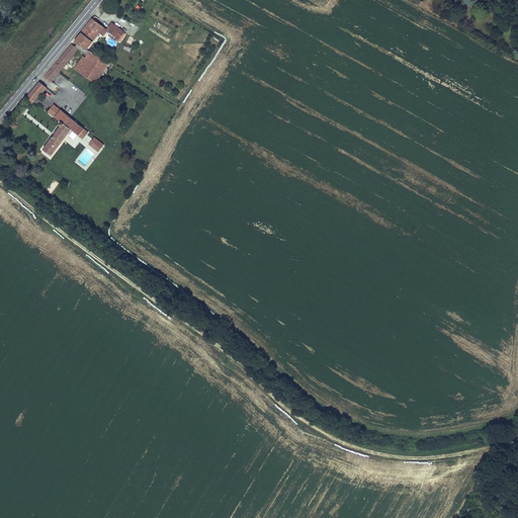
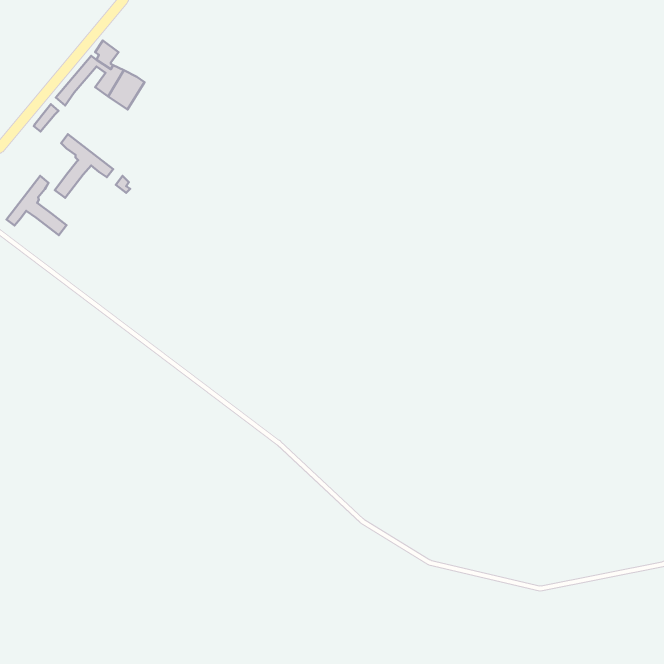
building: [80,18,123,40] -> none
building: none -> [6,176,67,235]

